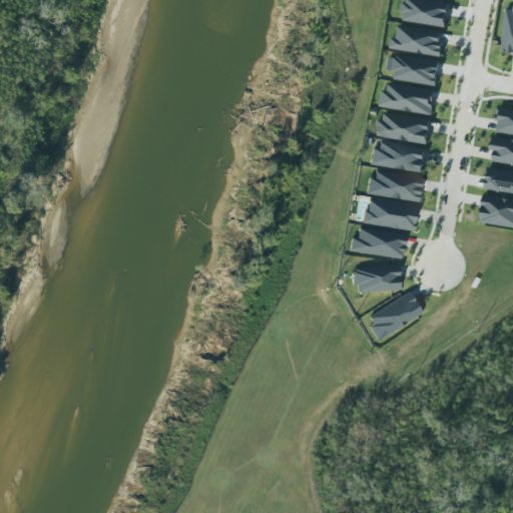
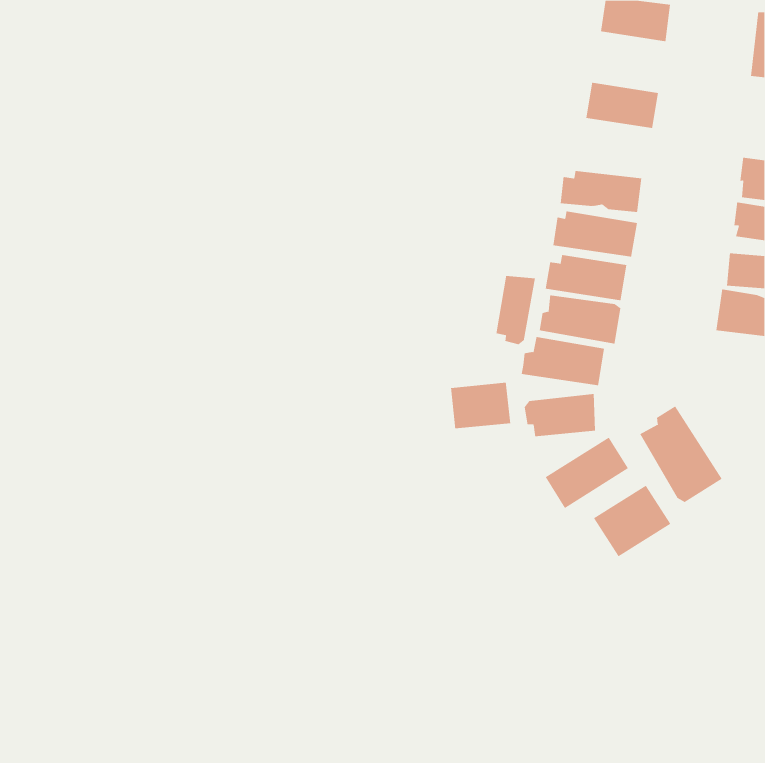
building: [390,26,444,58] -> none
building: [380,84,436,116] -> none
building: none -> [496,275,535,345]
building: none -> [450,382,511,429]
building: none -> [639,406,722,503]
building: none -> [593,485,671,557]

